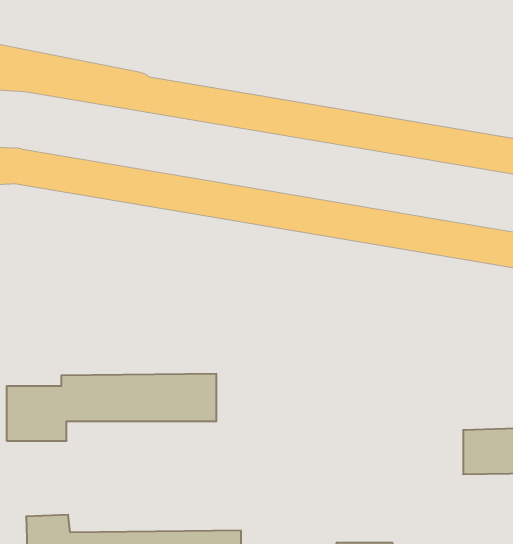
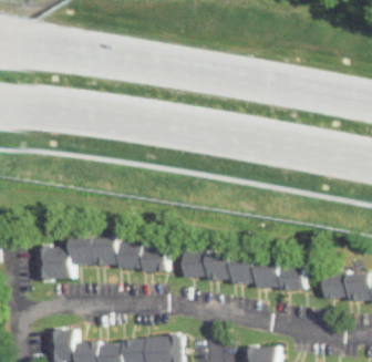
building: none -> [183,250,304,290]

